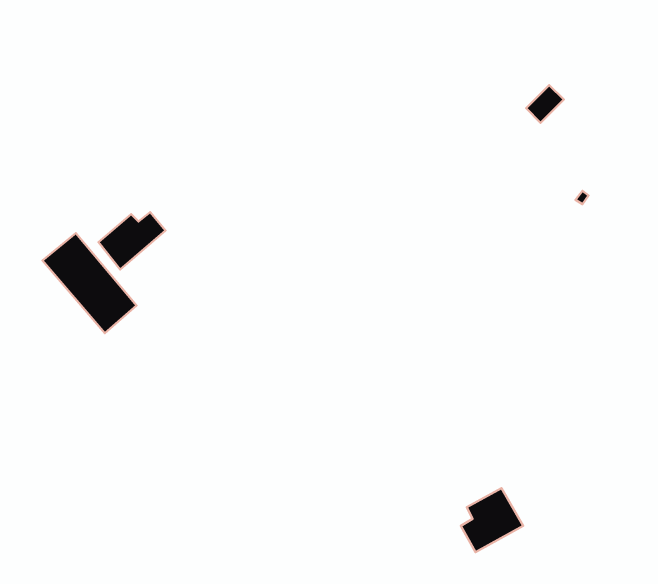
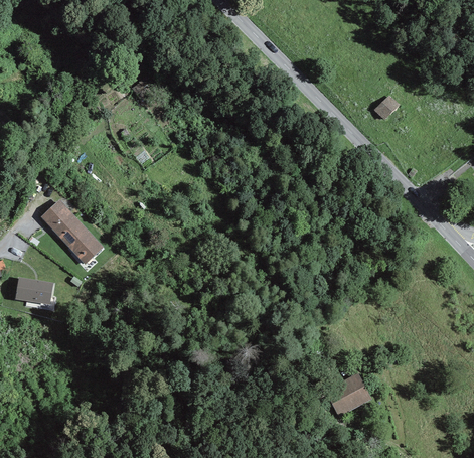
building: [98,212,165,270] -> none
building: none -> [16,275,55,304]

